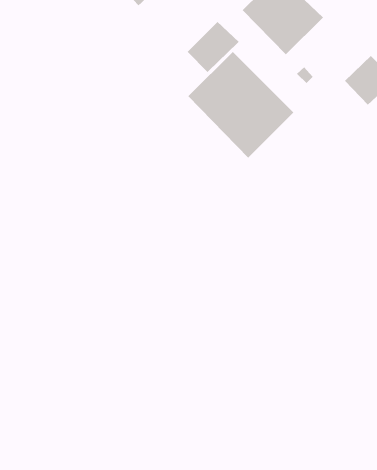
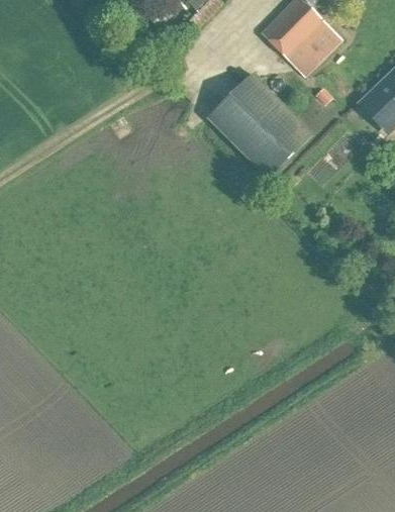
building: [187,21,239,73] -> none

